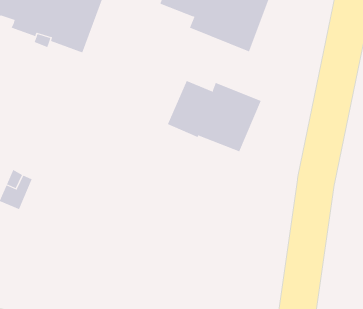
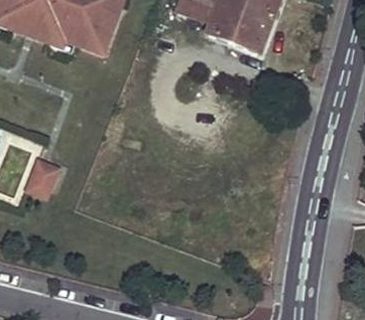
building: [167,80,261,152] -> none

